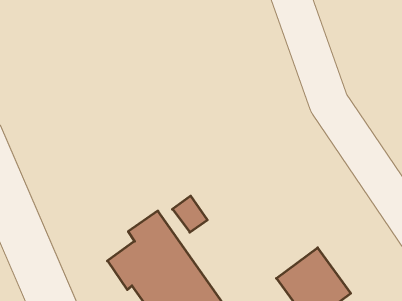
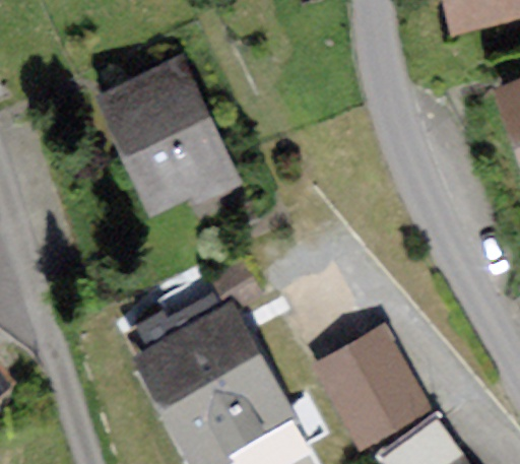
building: none -> [122,75,221,189]

